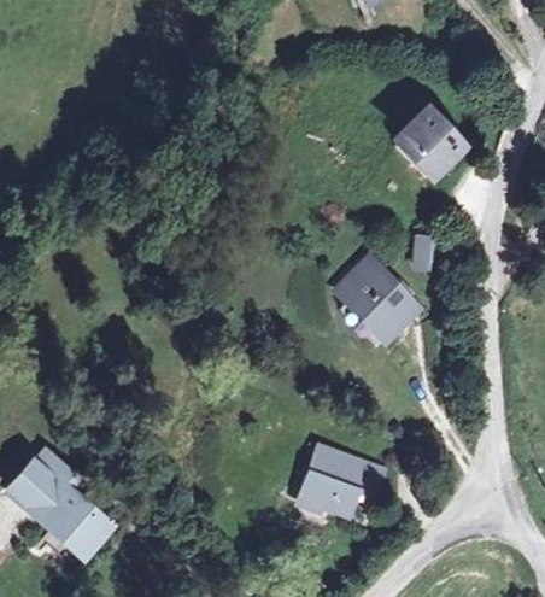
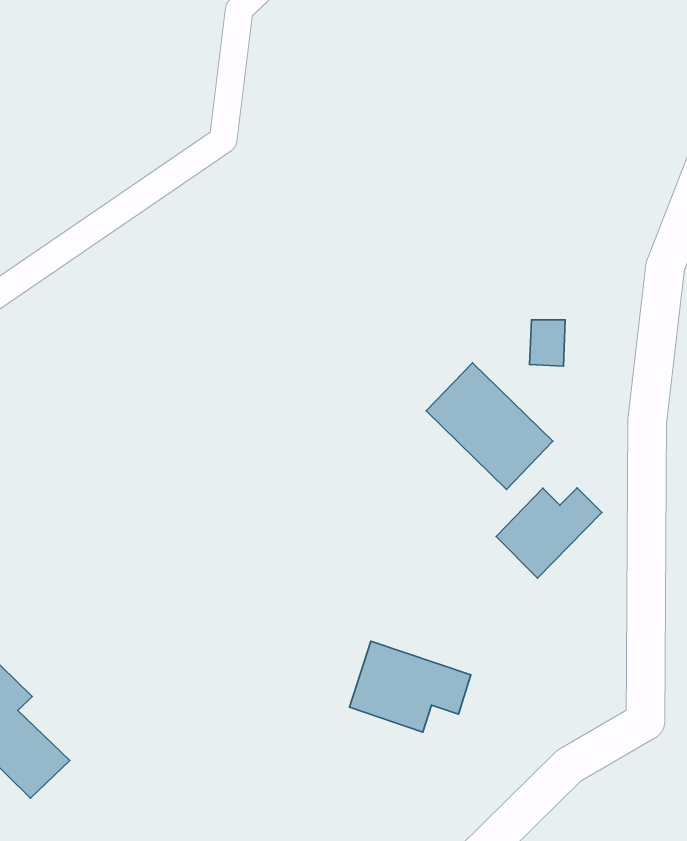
building: [403,110,467,176] -> none
building: none -> [496,488,602,578]

